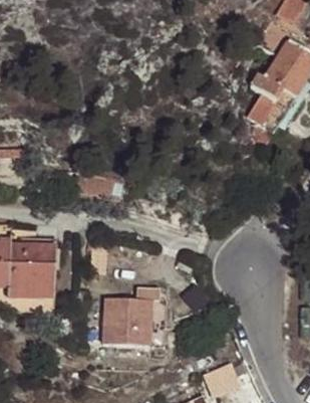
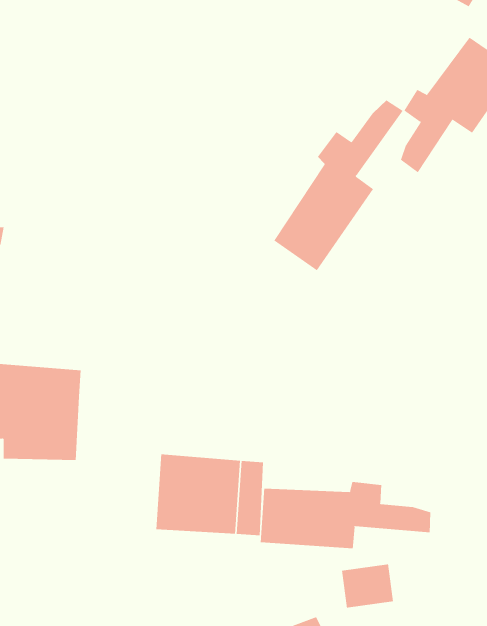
building: none -> [274,100,404,271]
building: none -> [260,481,431,549]

